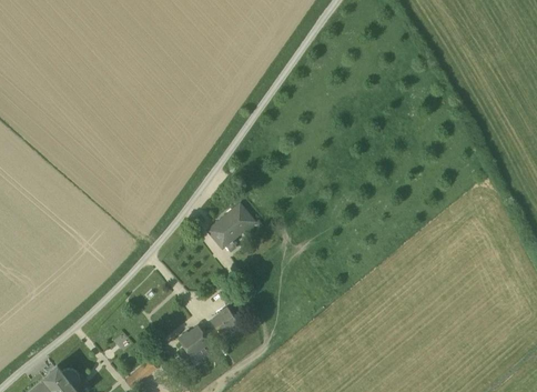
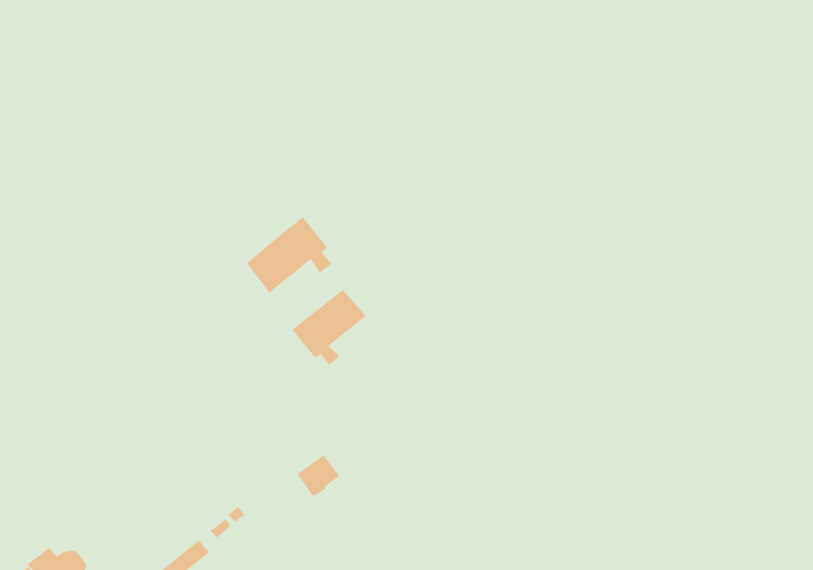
building: none -> [246,216,332,294]
building: [179,329,207,358] -> none

